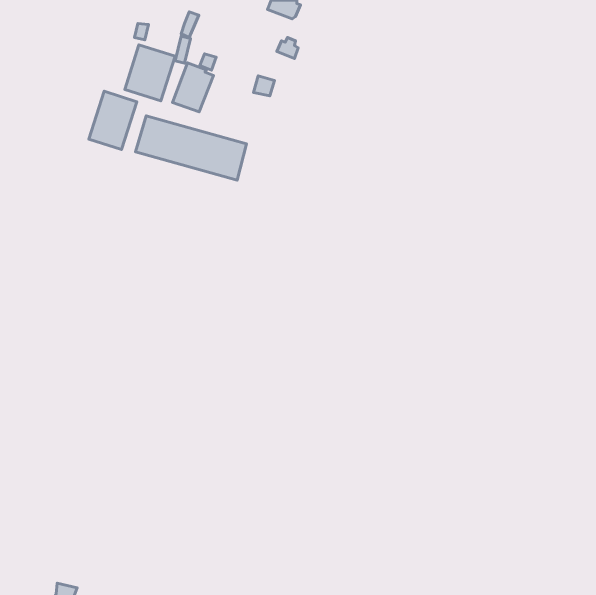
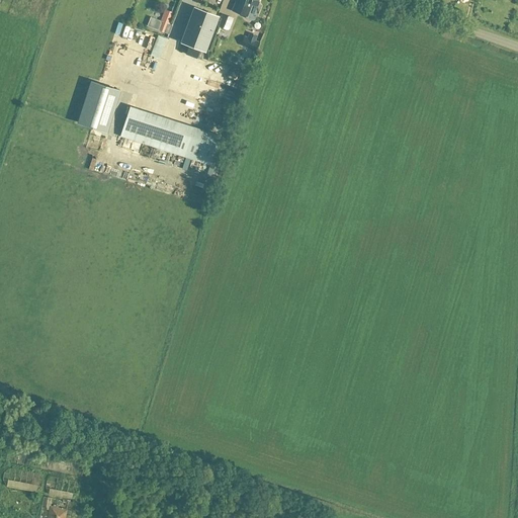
building: [125,45,175,101] -> none
building: [172,63,213,112] -> [178,10,213,53]

